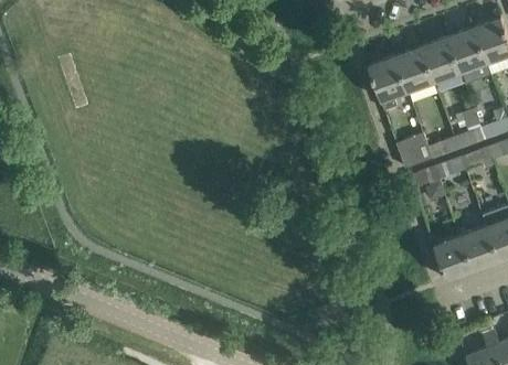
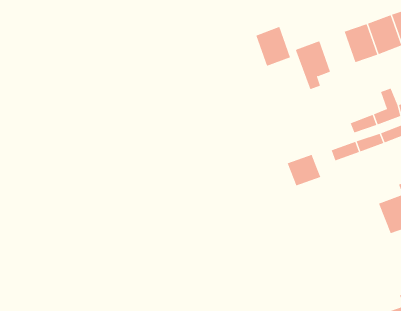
building: [395,45,434,89] -> [256,26,291,67]
building: [395,131,433,167] -> [287,154,321,186]
building: [433,234,473,279] -> none

